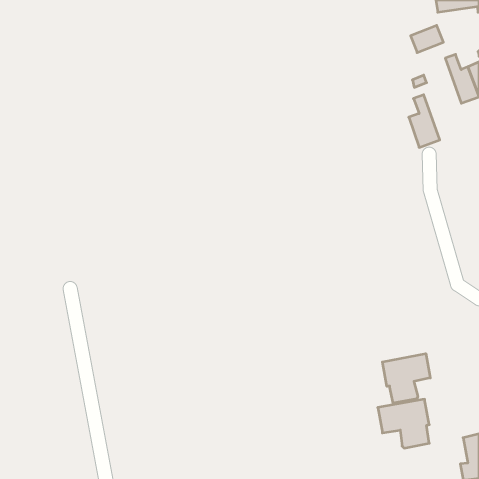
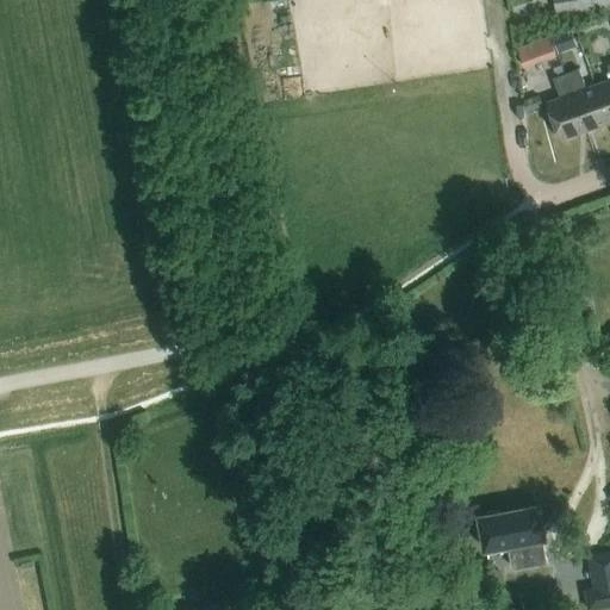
building: [409,95,440,147] -> [547,75,586,142]
building: [382,354,430,403] -> none

